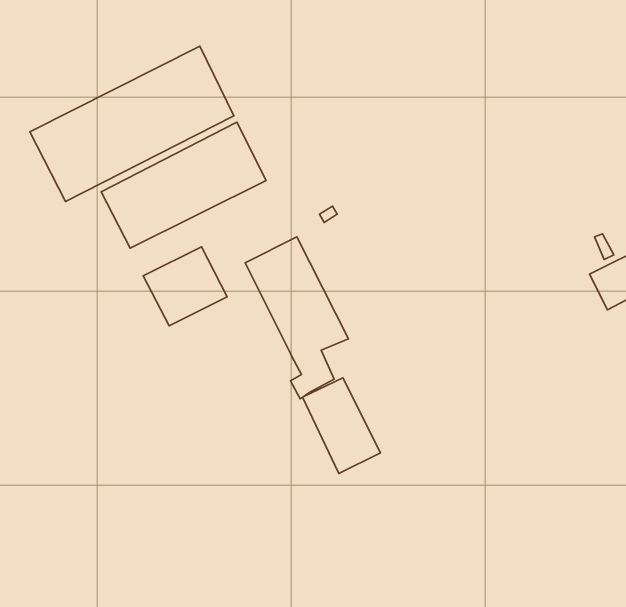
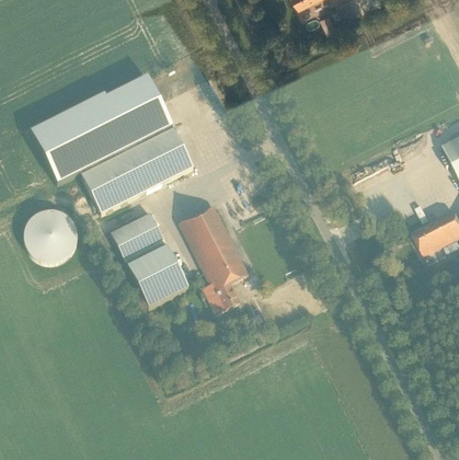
building: none -> [24,209,77,262]
building: none -> [127,245,187,307]
building: [302,378,380,474] -> none

